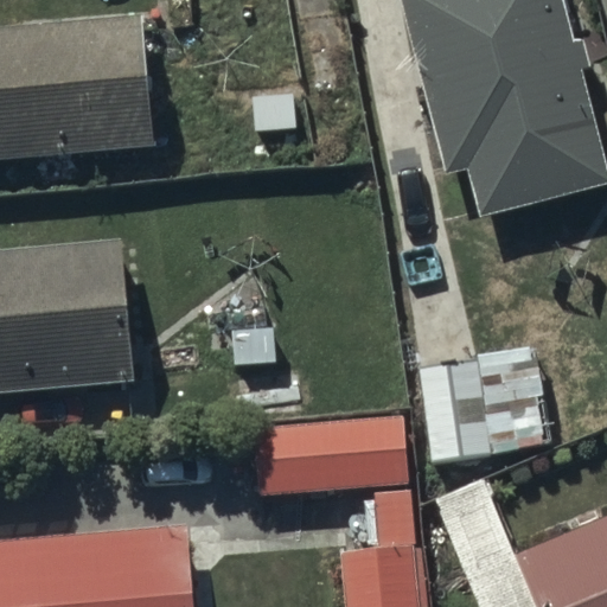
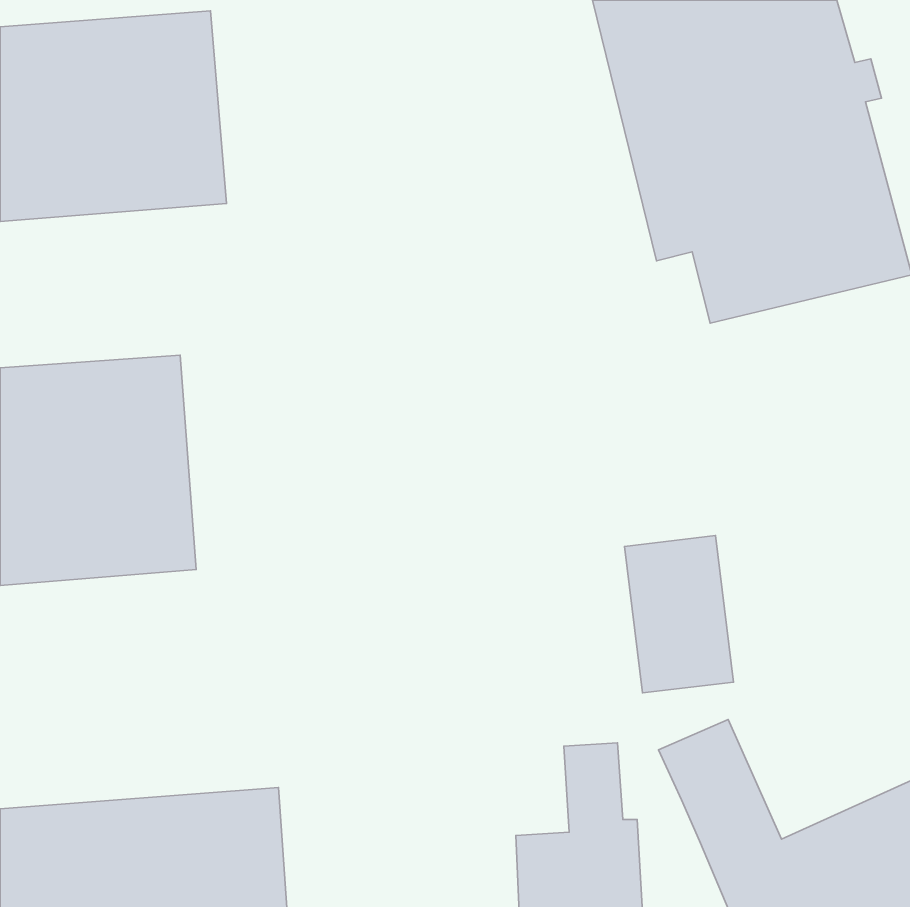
building: [251,416,407,493] -> none

